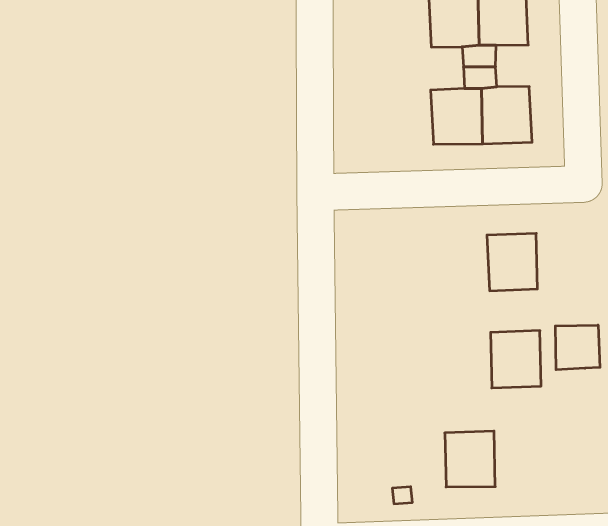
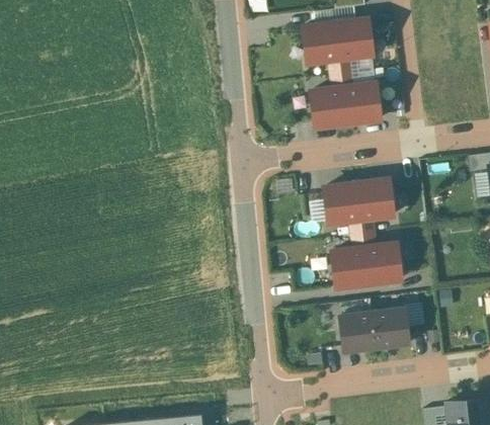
building: none -> [324,183,361,223]
building: [555,325,600,370] -> none
building: none -> [332,247,369,287]
building: none -> [373,308,409,348]

